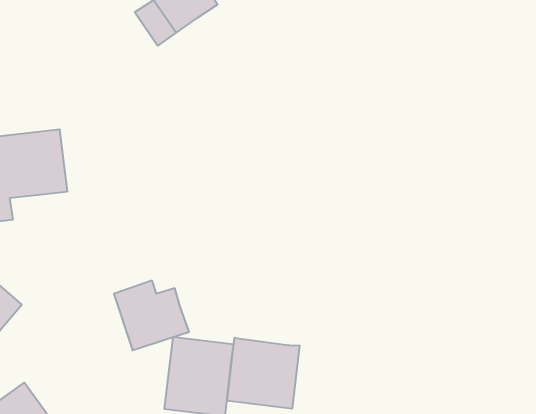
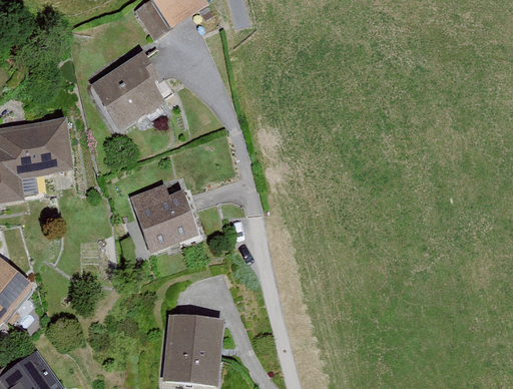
building: none -> [89,53,167,135]
building: [114,281,189,350] -> [130,185,199,250]
building: [227,338,300,409] -> none

